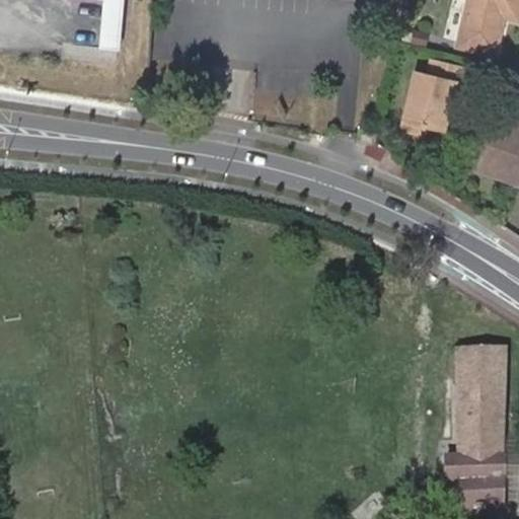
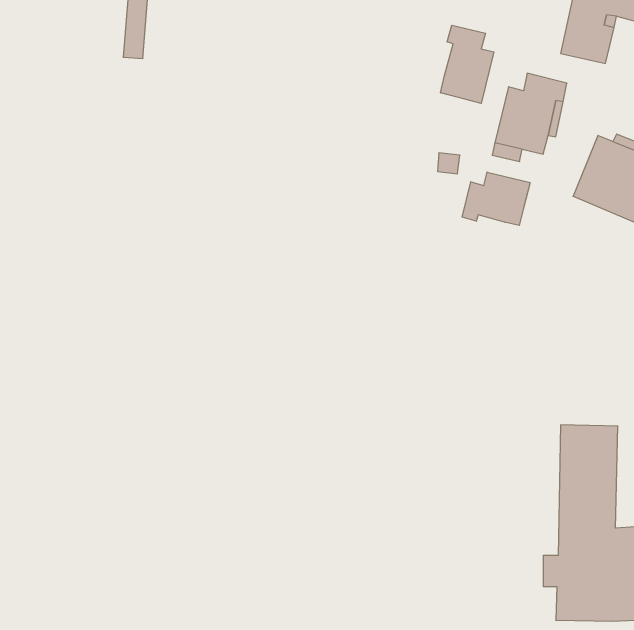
building: none -> [441,25,494,103]
building: none -> [462,172,530,225]

